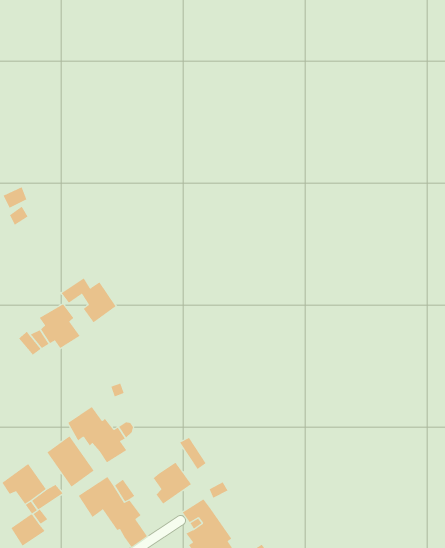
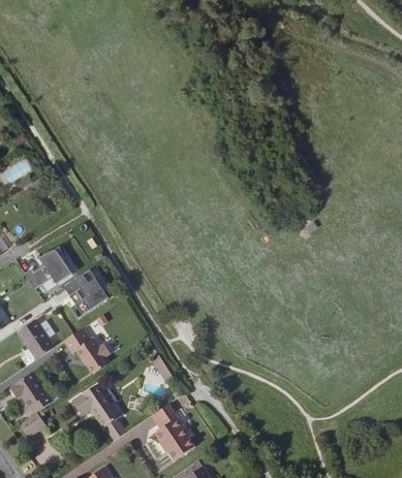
building: [61,278,117,323] -> [64,275,109,311]
building: [46,436,94,488] -> [16,320,54,361]
building: [153,462,192,504] -> none

